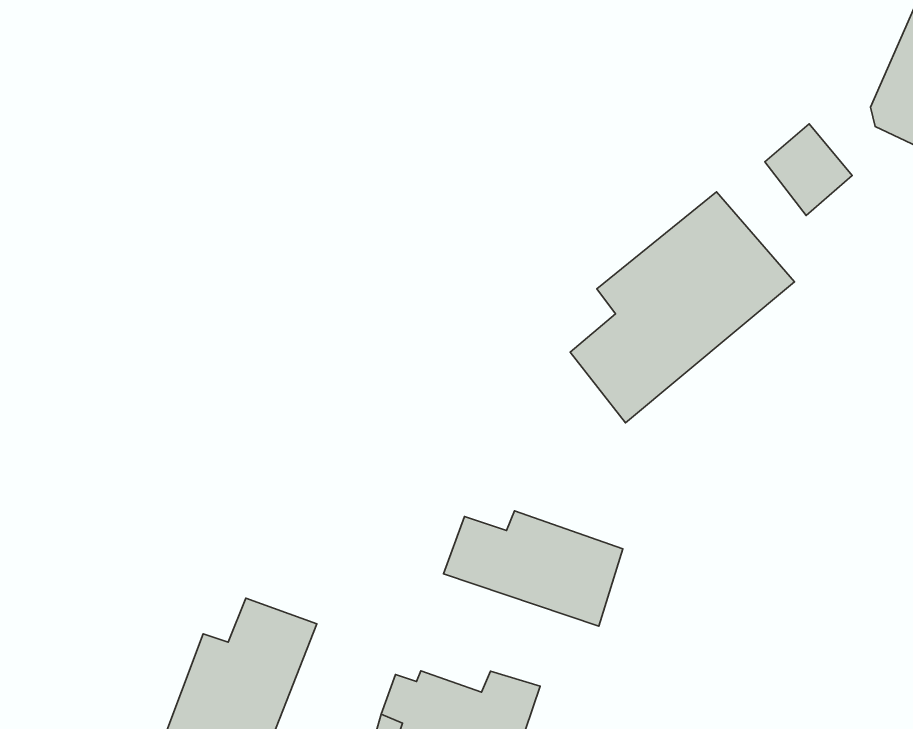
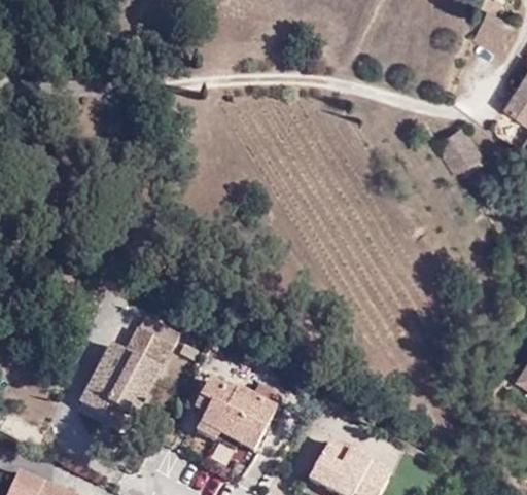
building: [570,192,795,423] -> none
building: [443,511,623,626] -> none

